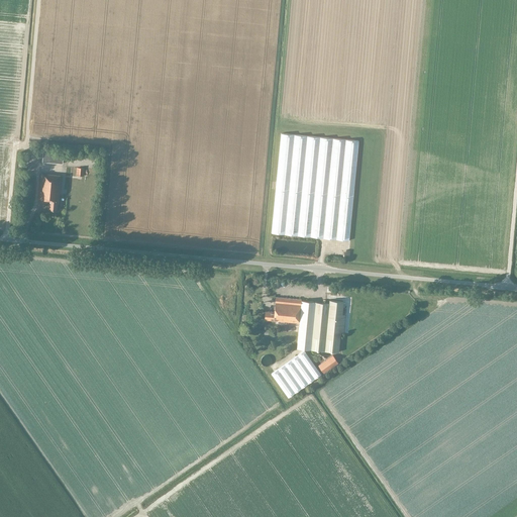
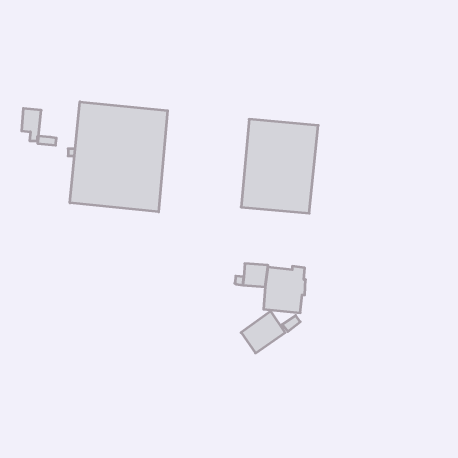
building: none -> [70,102,168,212]
building: [39,174,62,210] -> [22,108,41,141]

